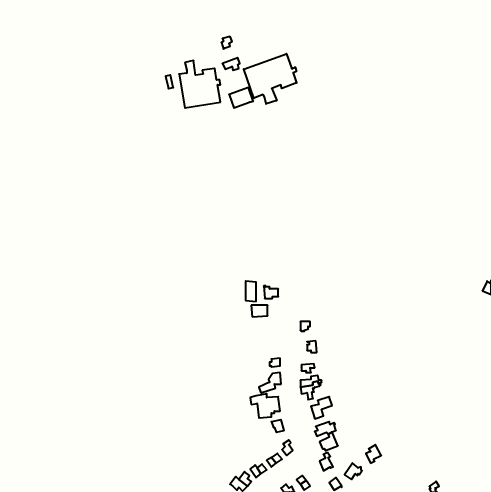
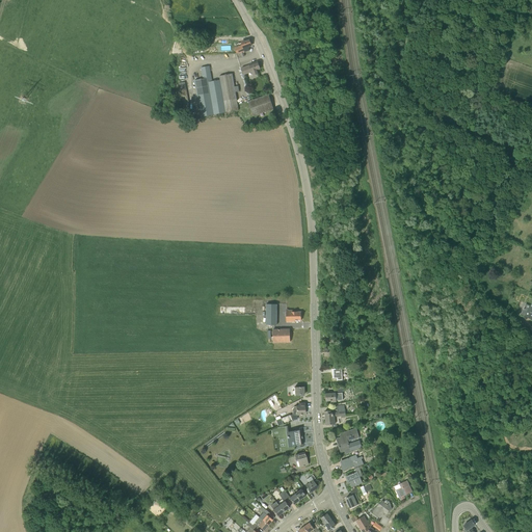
building: [244,54,297,104] -> none

